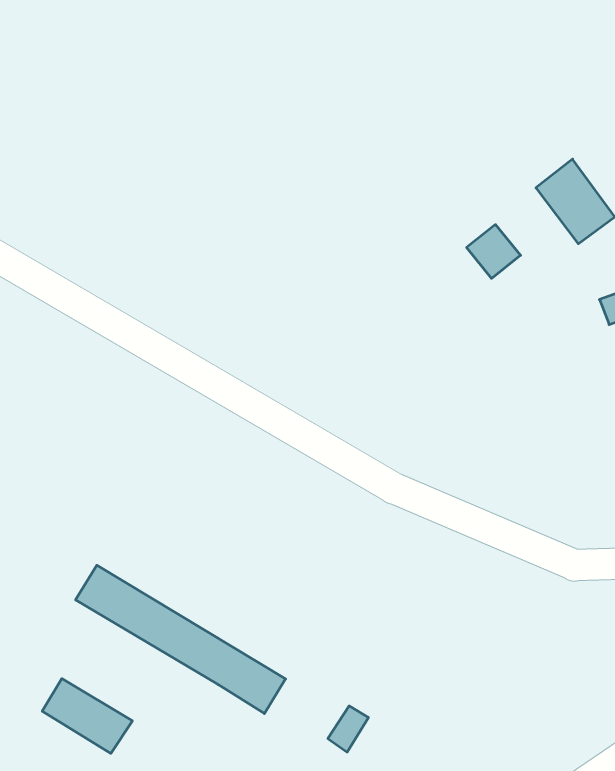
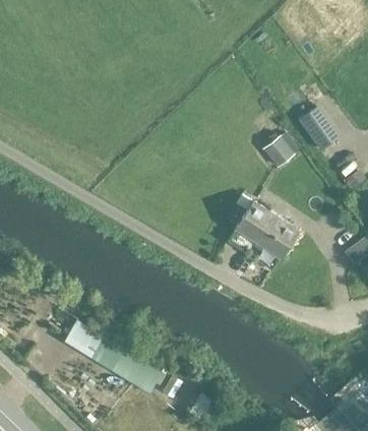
building: none -> [236,201,298,253]
building: [42,679,132,753] -> none

